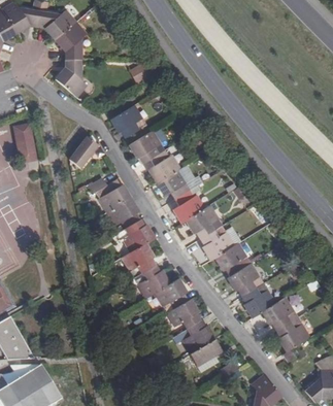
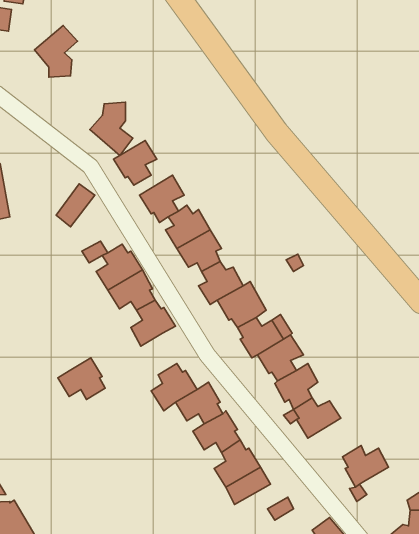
building: [36,10,75,40] -> none
building: [55,59,86,97] -> [90,102,133,156]
building: [123,243,157,273] -> [58,358,105,400]
building: [261,298,293,332] -> none

